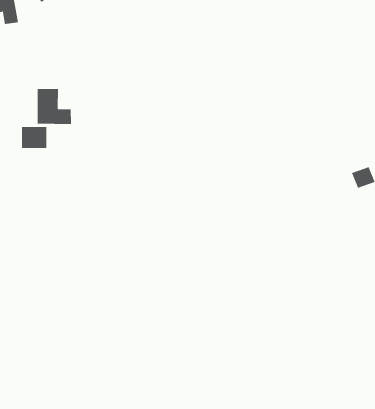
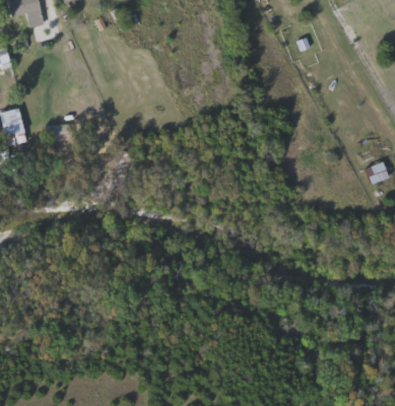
building: [37,88,71,125] -> none

